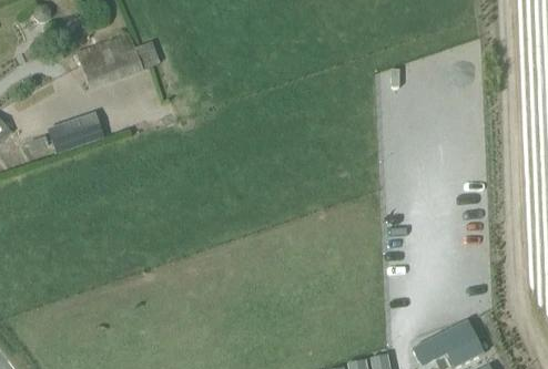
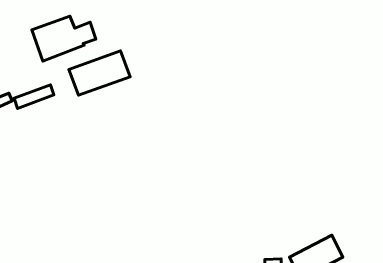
building: none -> [69,51,130,95]

